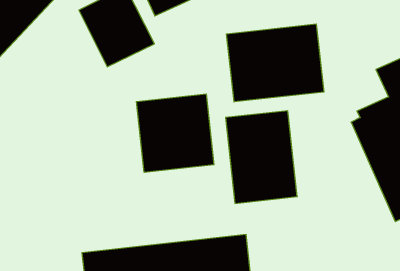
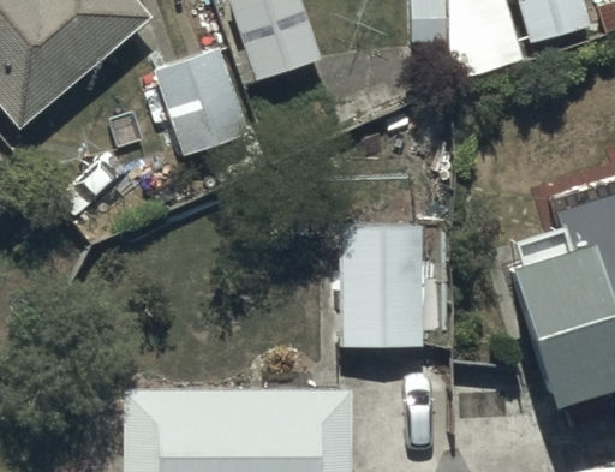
building: [227,24,324,102] -> none
building: [136,94,214,172] -> none

